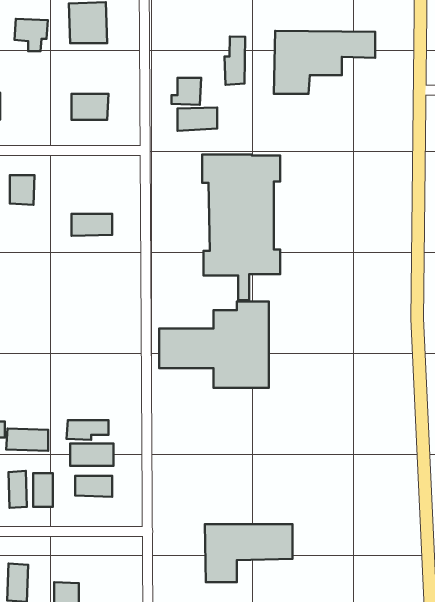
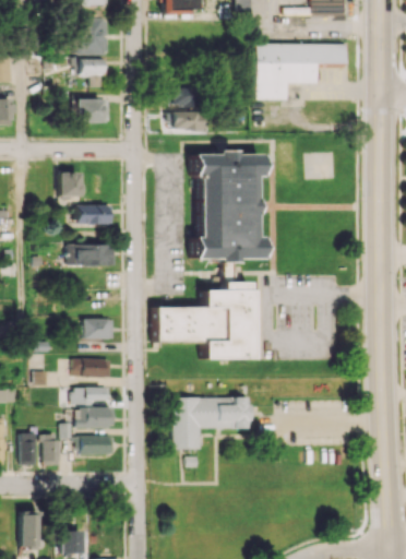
building: [14,19,48,51] -> [79,58,108,86]
building: [225,37,245,85] -> none
building: [10,175,35,205] -> [59,173,81,199]
building: none -> [69,245,115,266]
building: none -> [83,319,114,340]
building: [6,428,48,451] -> [73,358,110,378]
building: [205,524,292,582] -> [172,397,250,449]

